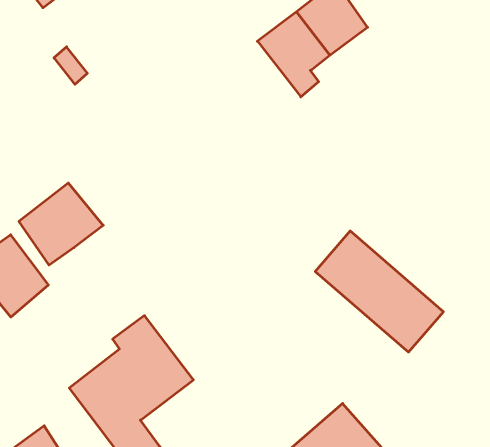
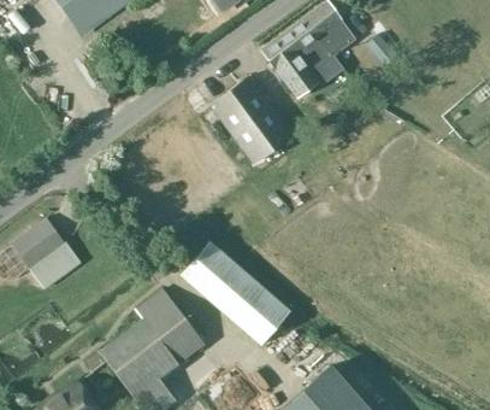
building: none -> [209,76,293,165]
building: [19,183,103,265] -> none
building: [315,231,443,352] -> [179,241,290,346]

